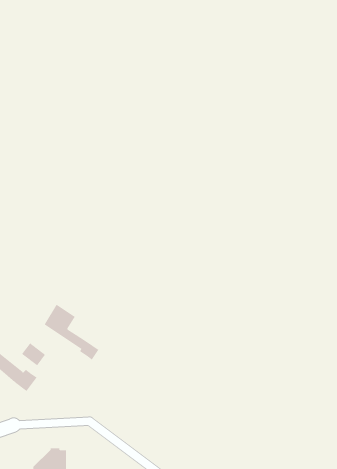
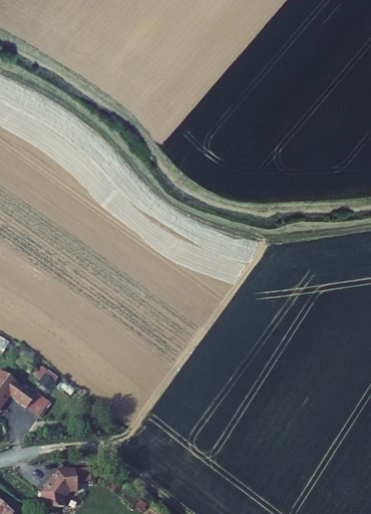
building: [44,304,99,361] -> none

